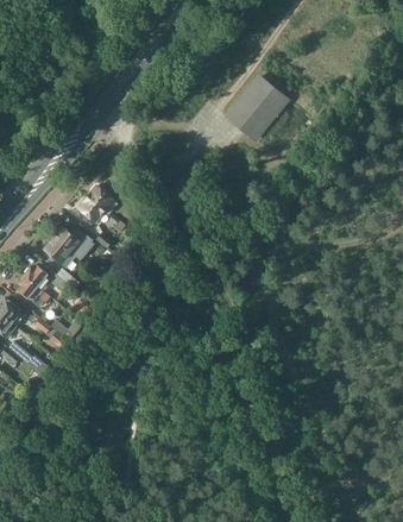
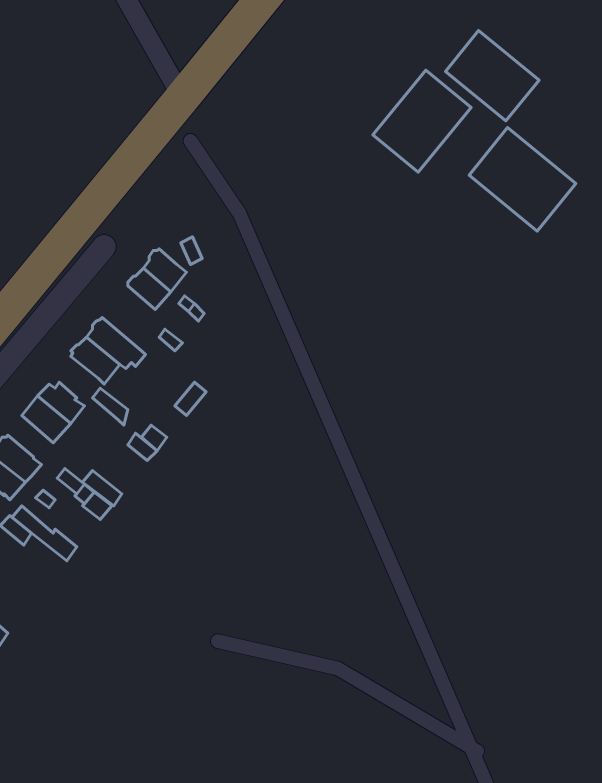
building: none -> [445,31,539,121]
building: none -> [469,128,576,231]

